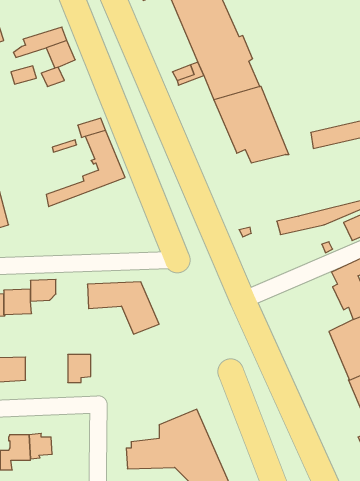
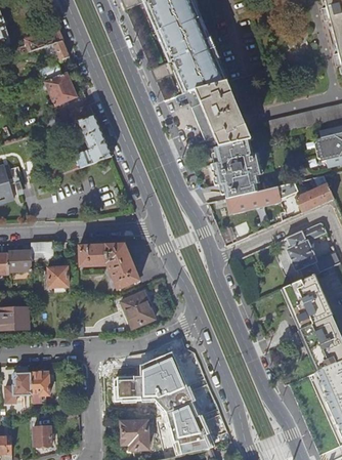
building: none -> [44,73,77,106]
building: none -> [213,136,259,196]
building: none -> [121,291,155,328]
building: [68,355,91,382] -> [48,267,68,291]

